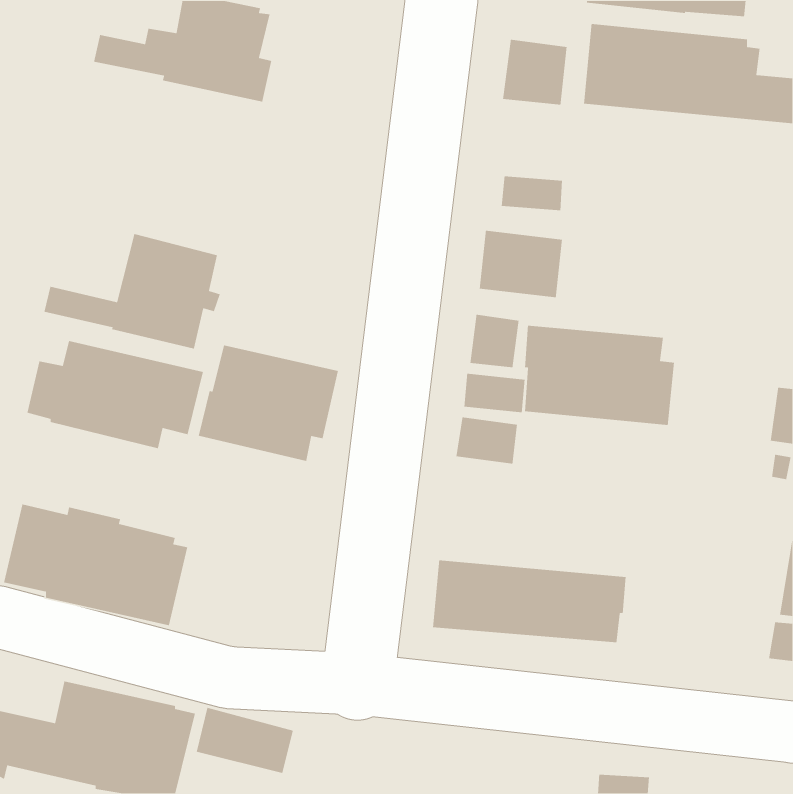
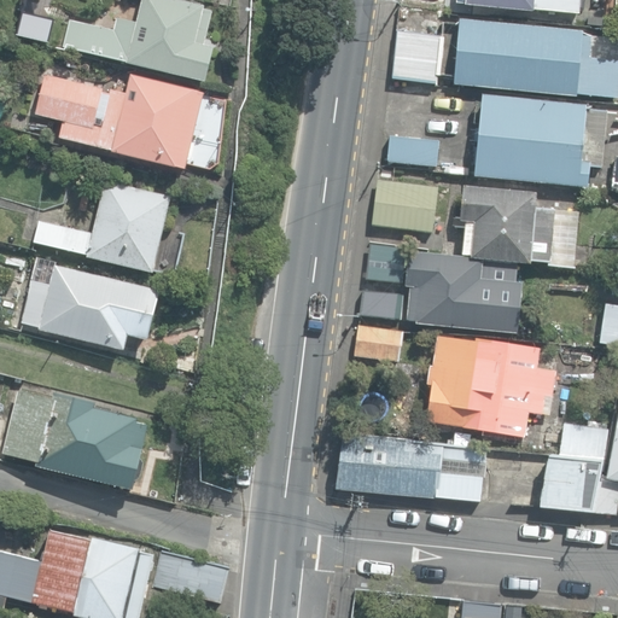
building: none -> [34,74,203,169]
building: none -> [473,93,607,186]
building: none -> [460,185,578,267]
building: [198,344,339,462] -> none
building: none -> [425,336,555,437]
building: none -> [537,424,602,511]

